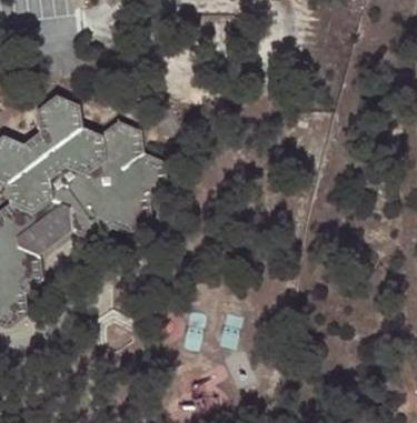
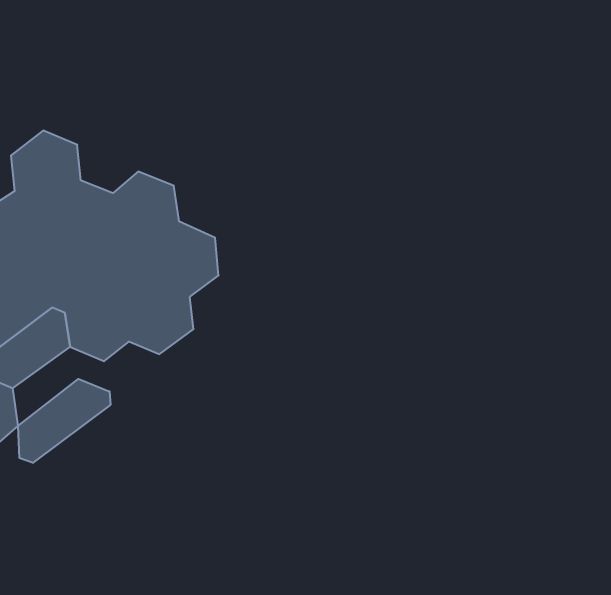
building: none -> [18,379,110,463]

